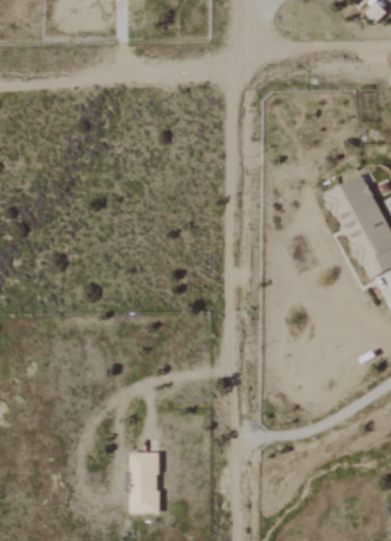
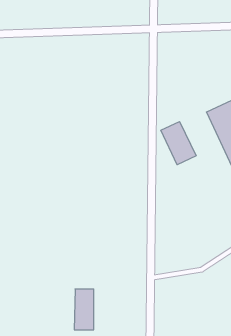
building: none -> [161,122,196,165]

